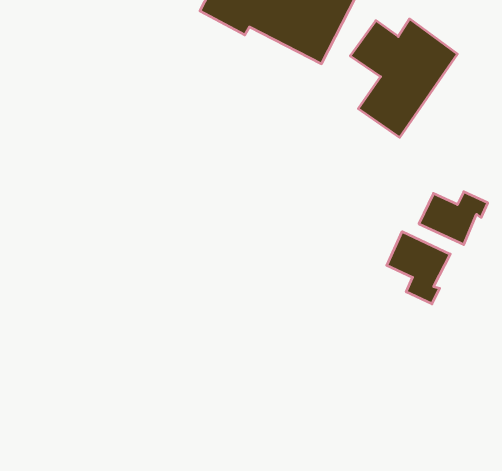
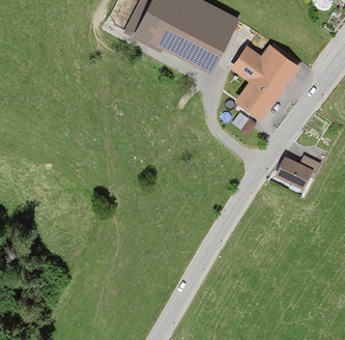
building: [387,232,450,304] -> none

